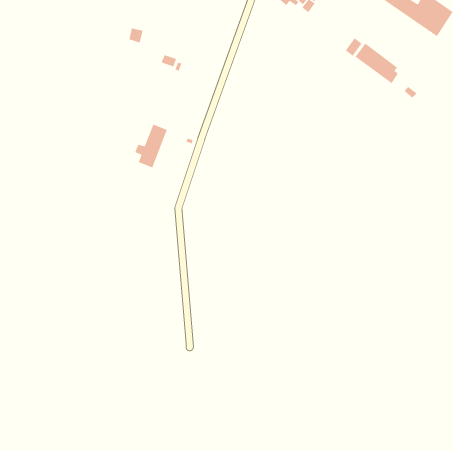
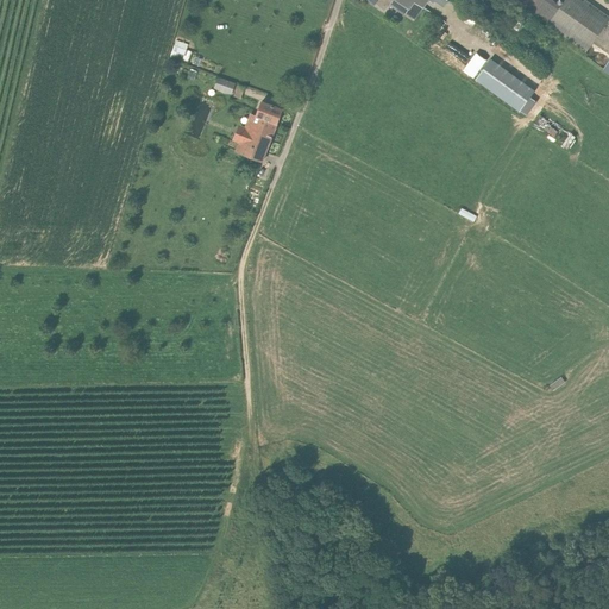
building: [134,123,168,169] -> [237,99,282,159]

